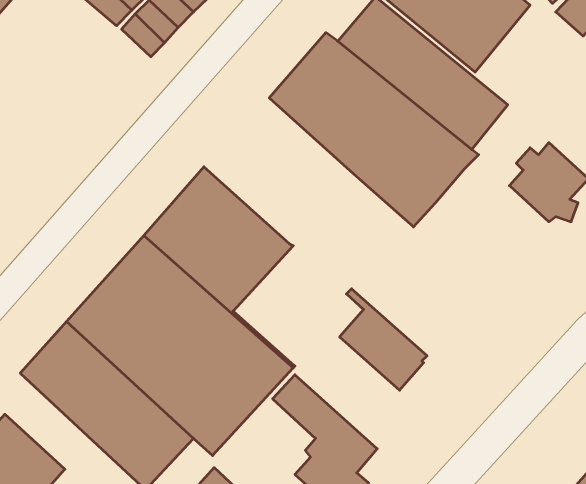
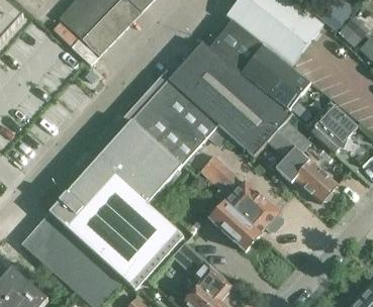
building: none -> [130,78,218,165]
building: none -> [267,120,337,202]
building: none -> [200,154,278,230]

